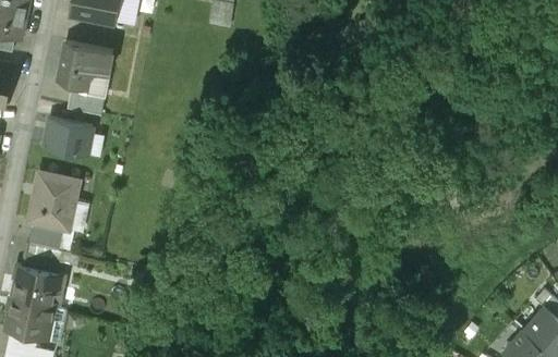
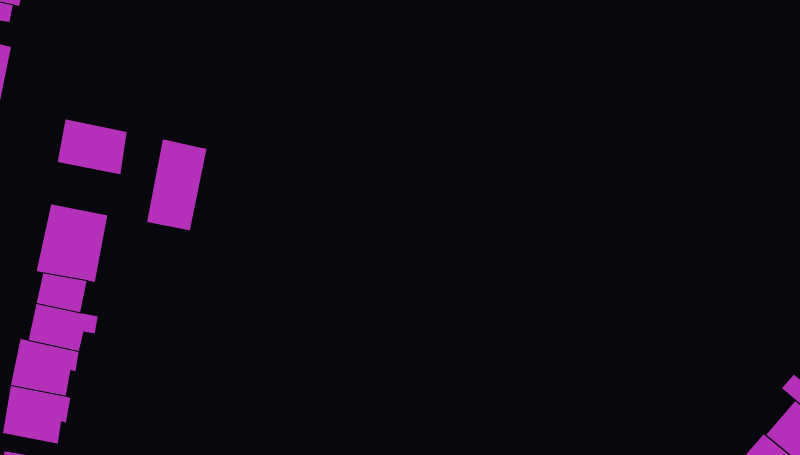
building: [58,41,113,89] -> none
building: [68,91,105,115] -> none
building: none -> [147,139,207,231]

